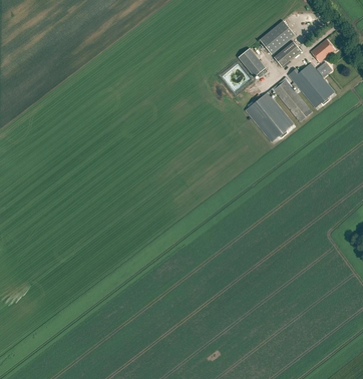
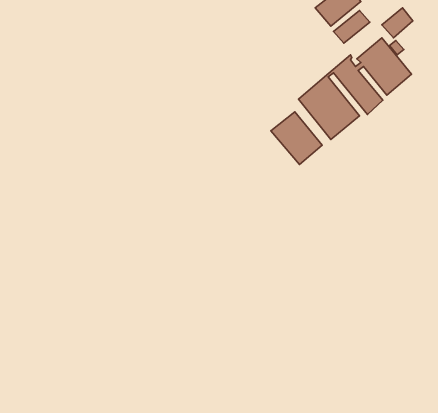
building: [239,47,266,76] -> none
building: none -> [271,112,322,165]

